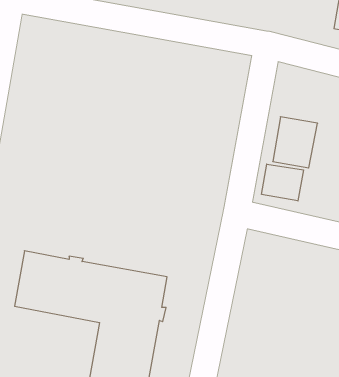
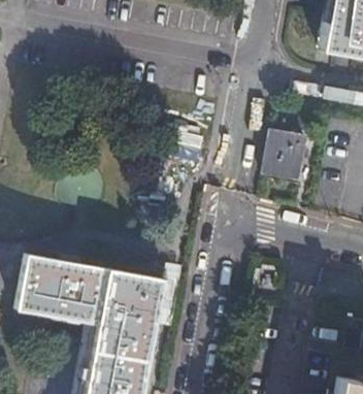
building: [262,164,303,201] -> none

